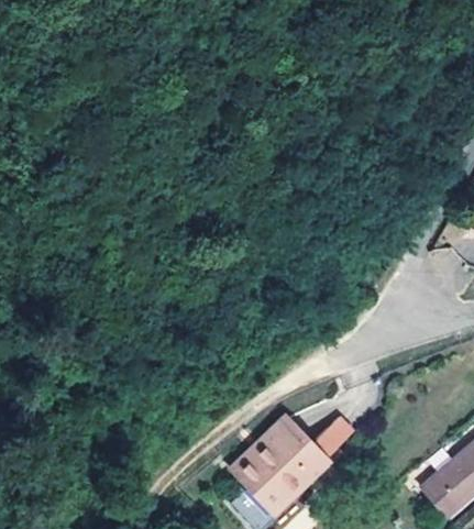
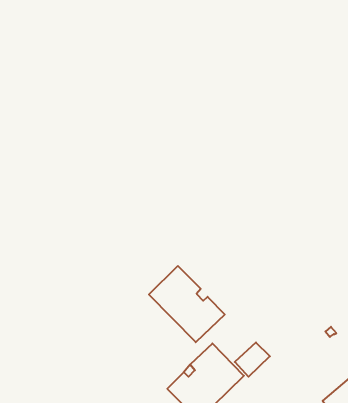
building: none -> [149,266,225,342]

